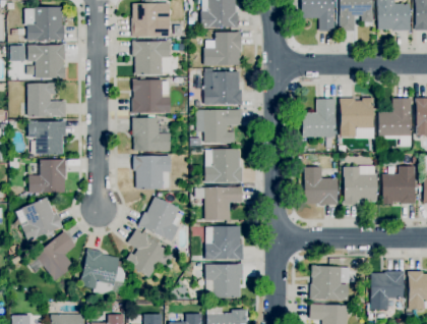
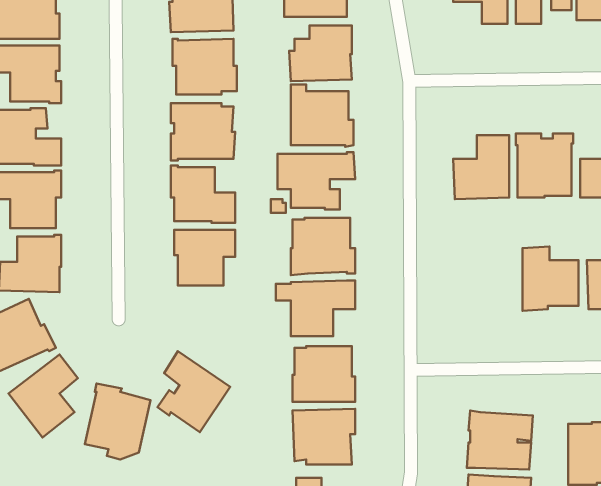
building: [304,167,338,205] -> none
building: [138,197,179,241] -> none

